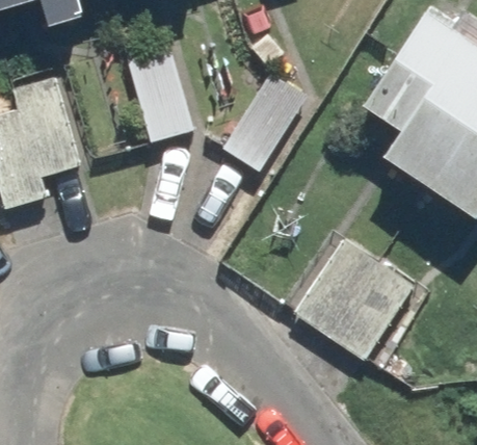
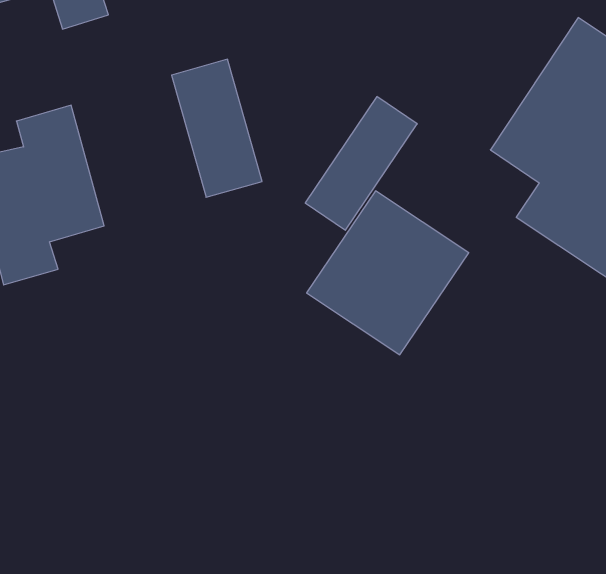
building: [295,238,413,357] -> [307,191,469,355]

